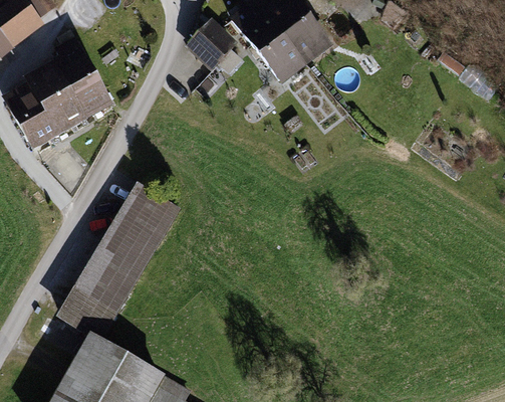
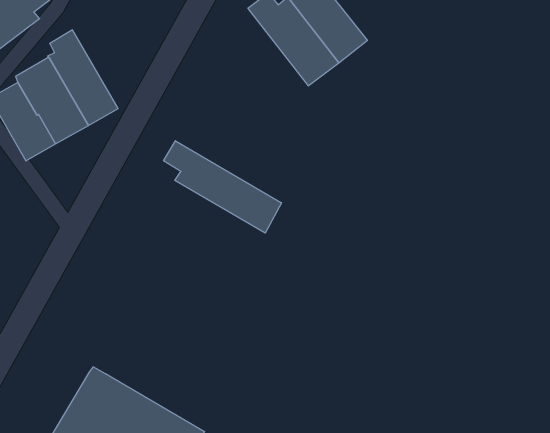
building: [185,18,239,73] -> none
building: none -> [164,141,282,233]
building: [57,184,181,341] -> none

